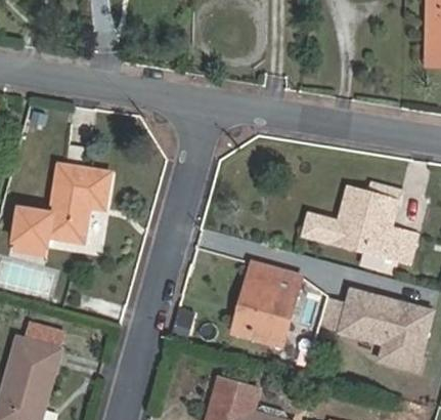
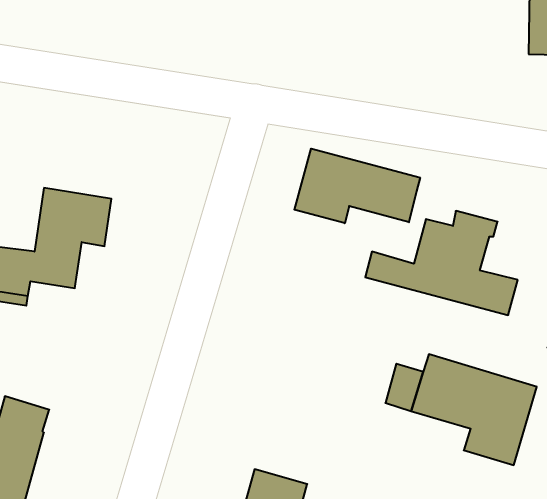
building: none -> [294,149,420,223]
building: [232,261,300,346] -> none

